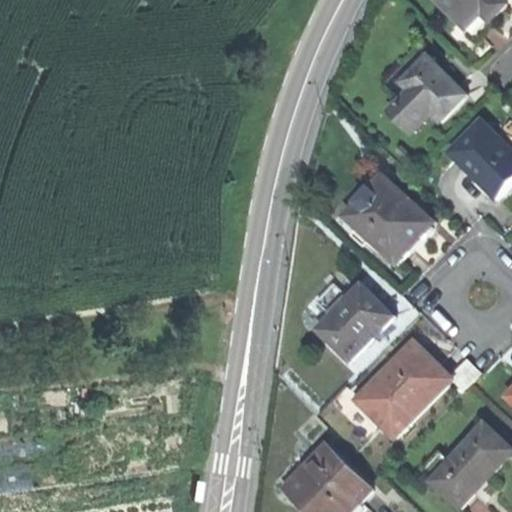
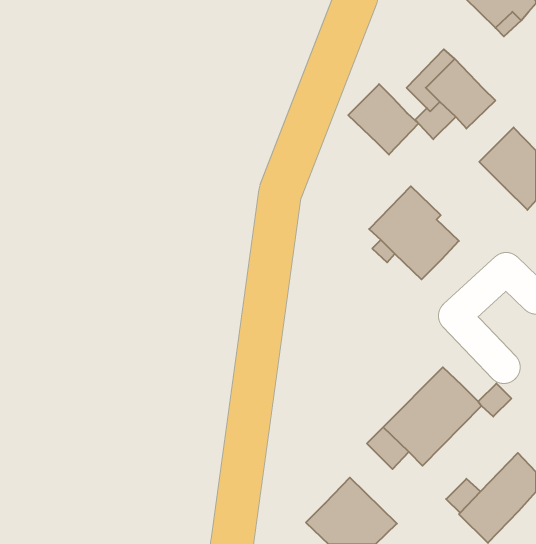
building: none -> [348,84,419,155]
building: [317,283,393,360] -> none

